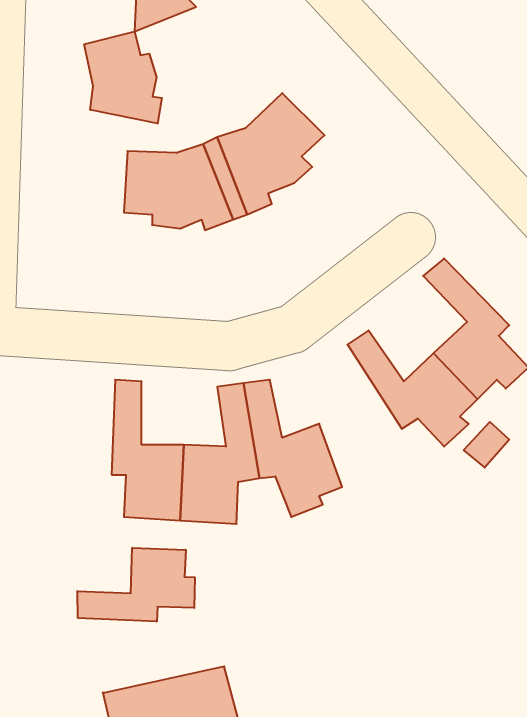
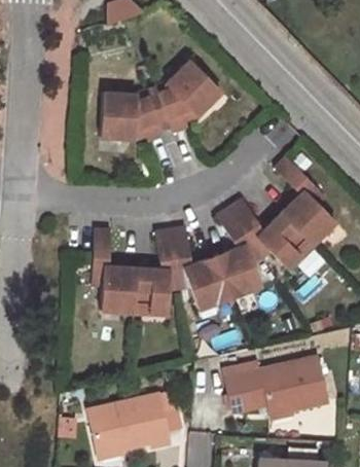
building: [84,31,162,124] -> none
building: none -> [215,208,263,291]
building: [77,548,195,622] -> none
building: none -> [225,358,329,416]

